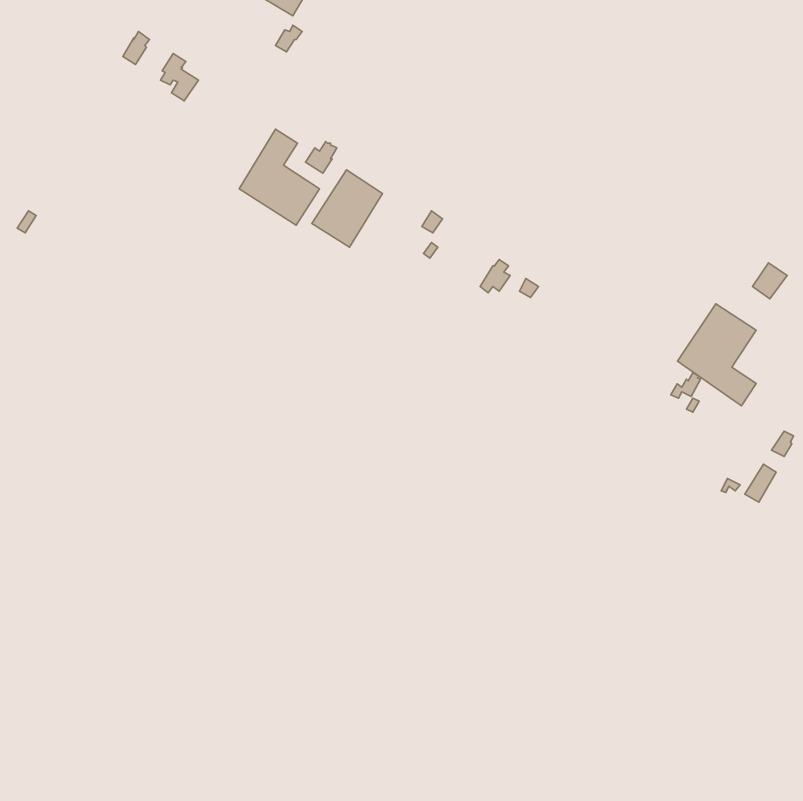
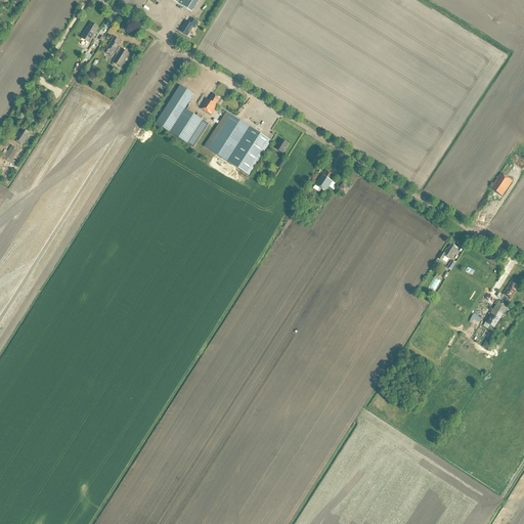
building: none -> [227,126,271,174]
building: [678,304,756,406] -> none

